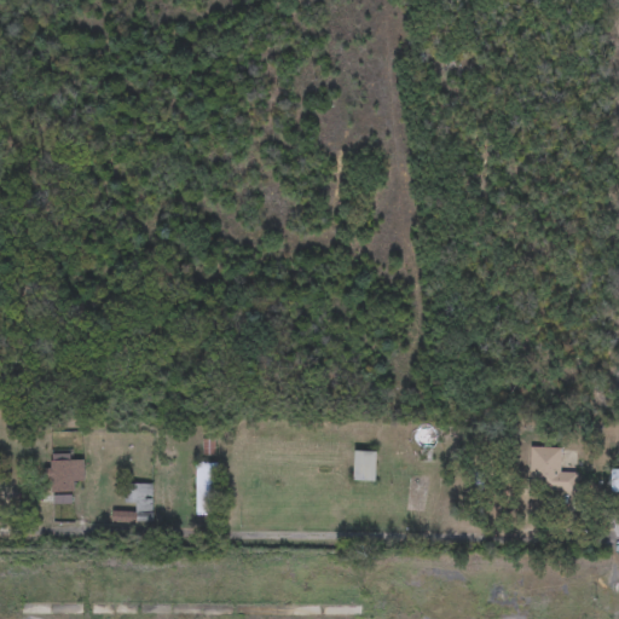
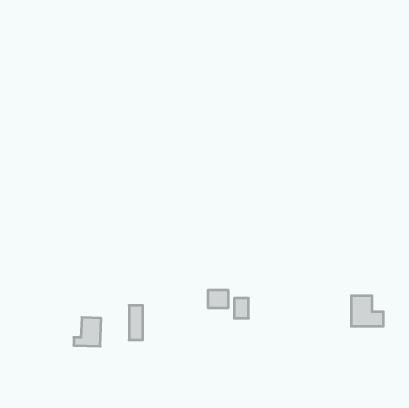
building: none -> [208,290,228,308]
building: [48,459,85,491] -> none

